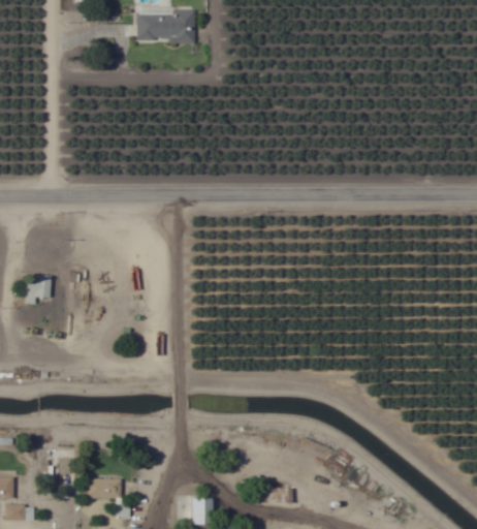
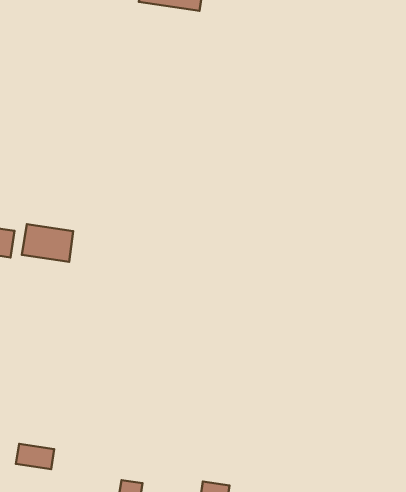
building: none -> [22,224,73,262]

